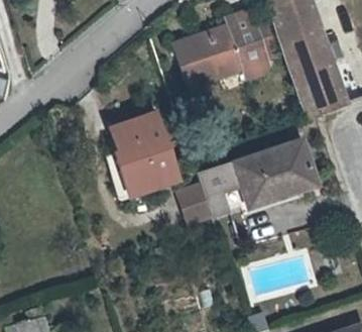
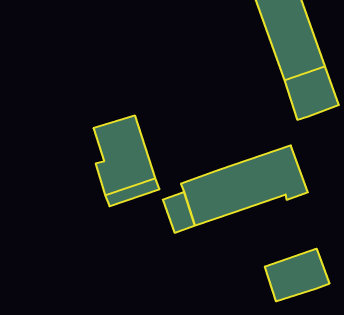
building: [174,11,267,86] -> none
building: none -> [265,249,329,301]

